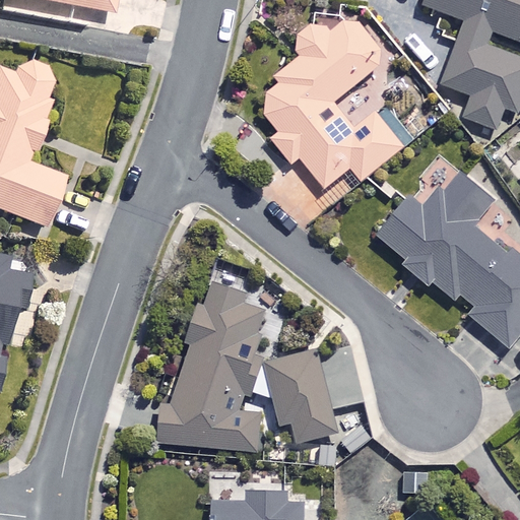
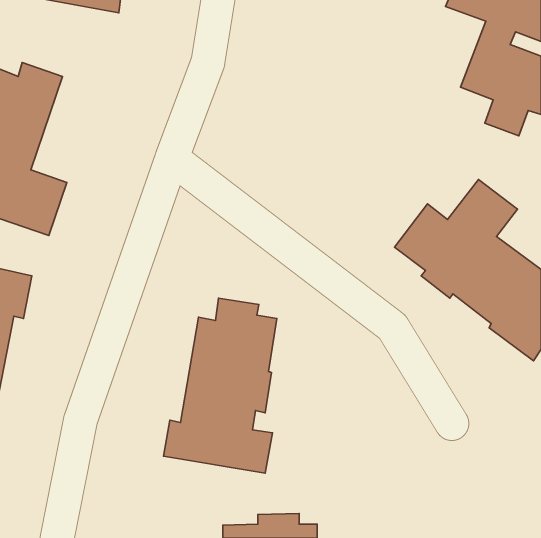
building: [264,15,405,188] -> none
building: [269,351,337,444] -> none

